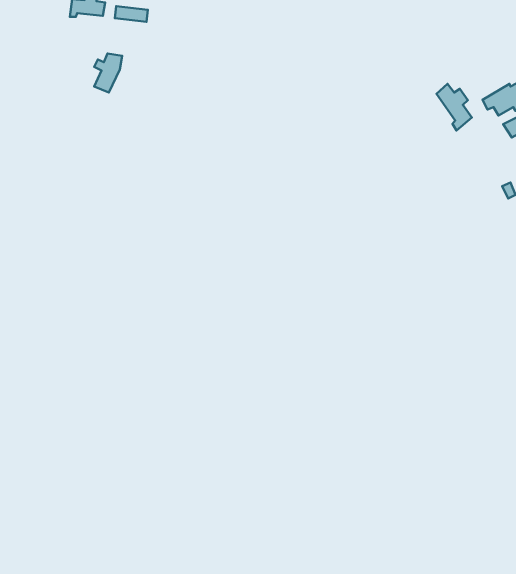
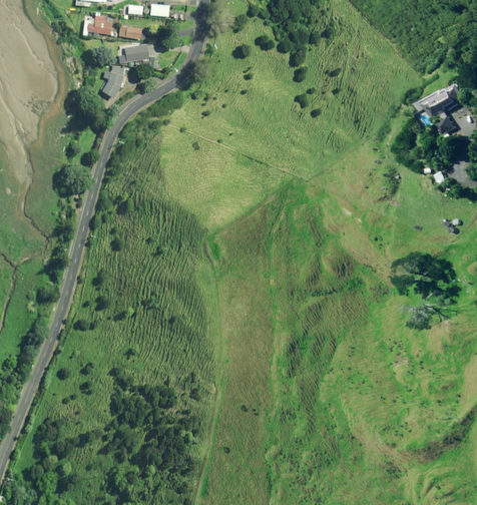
building: none -> [117,43,148,62]
building: [436,84,472,131] -> none

